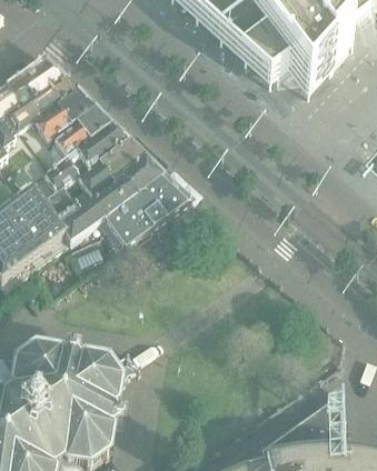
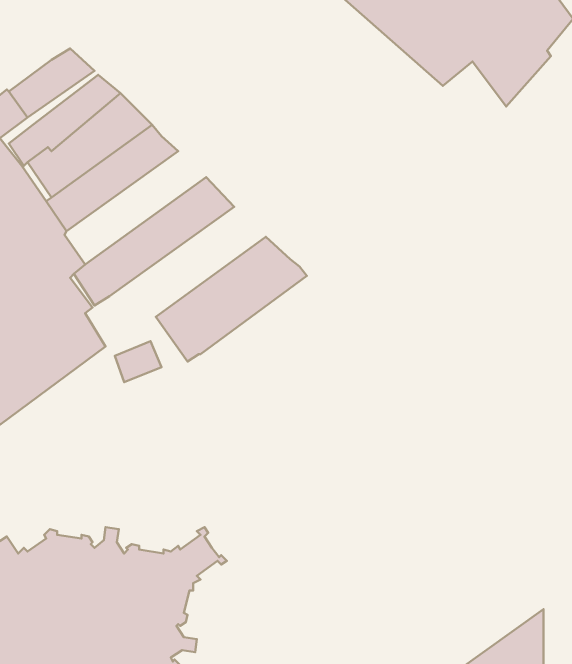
building: [44,122,129,190] -> none
building: [57,156,165,241] -> none

